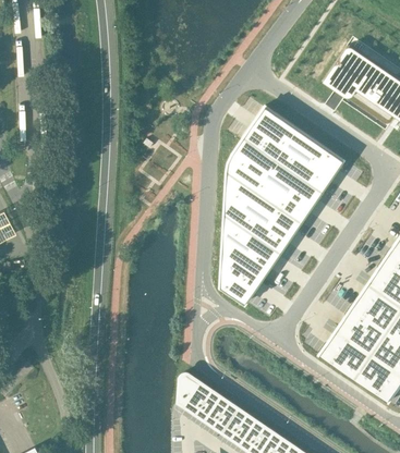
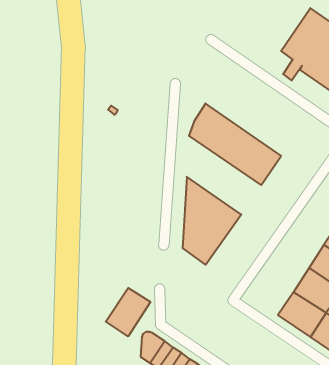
building: [245,107,344,192] -> none
building: [226,171,303,253] -> none
building: none -> [106,288,150,336]

